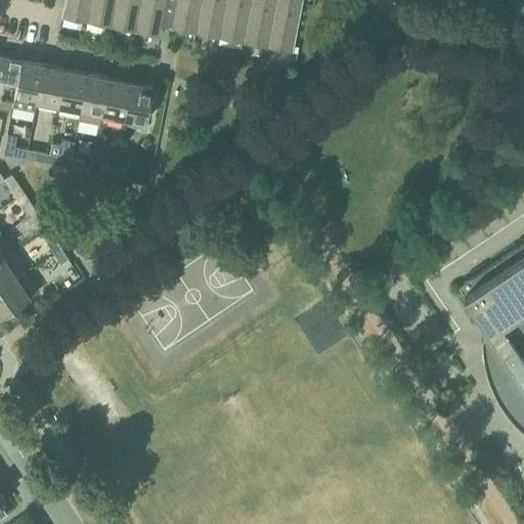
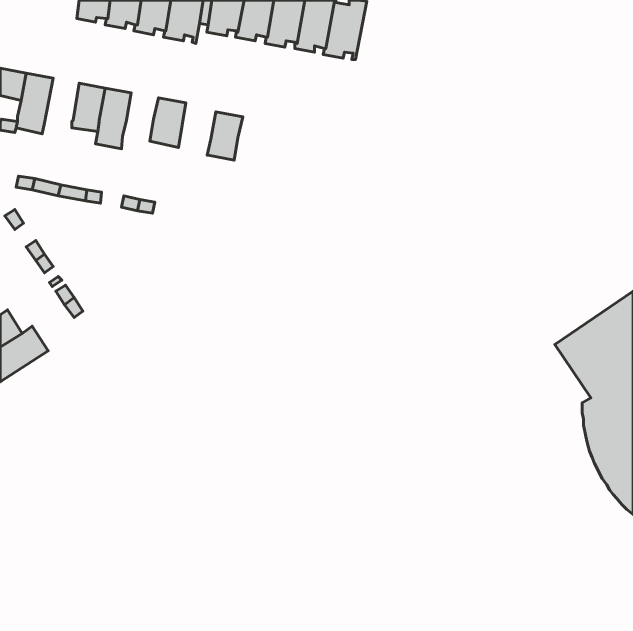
building: [37,67,66,107] -> none
building: [101,79,131,119] -> [207,112,243,160]

